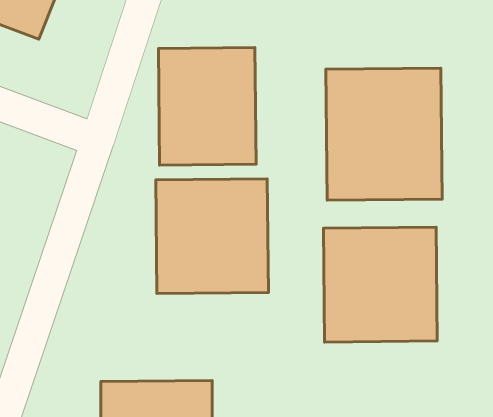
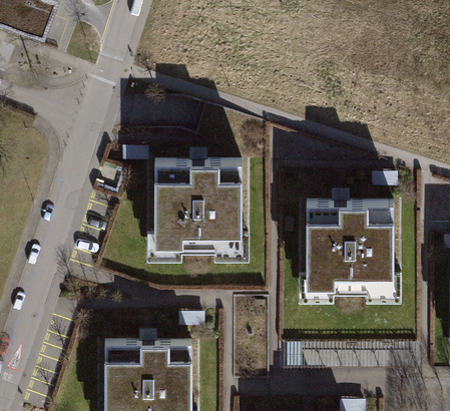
building: [158,47,256,165] -> none
building: [326,68,442,200] -> none

